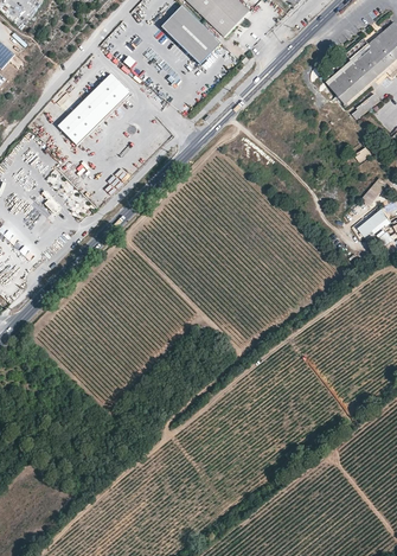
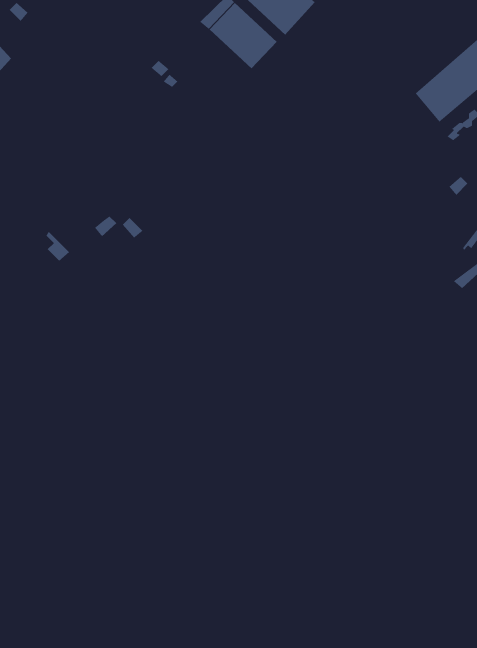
building: [56,74,128,143] -> none

